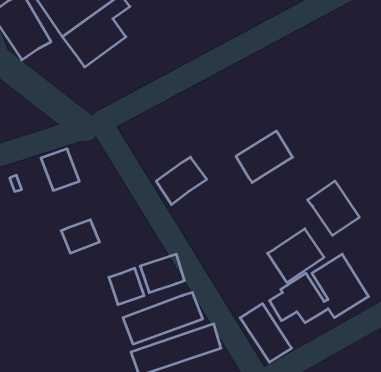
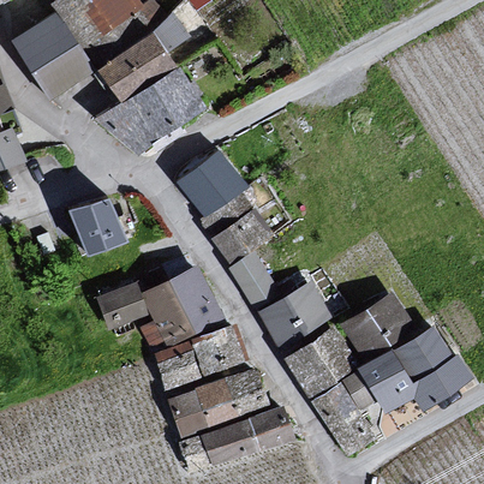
building: none -> [104,67,201,148]
building: none -> [180,153,246,232]
building: [236,131,293,183] -> [261,283,328,345]
building: [308,181,359,235] -> none
building: none -> [231,251,275,305]
building: none -> [143,270,217,342]
building: none -> [289,333,354,393]

